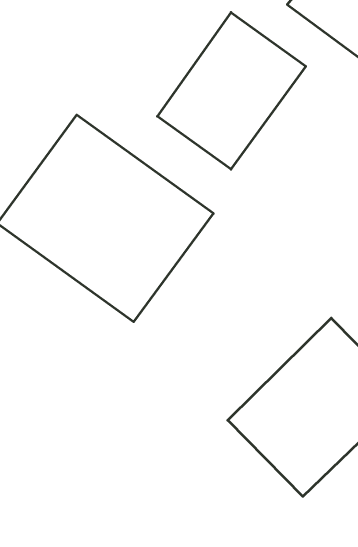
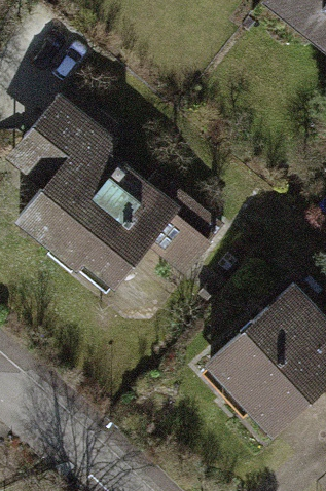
building: [157,12,306,169] -> none

